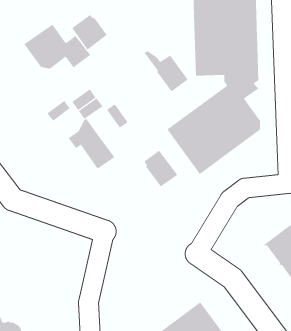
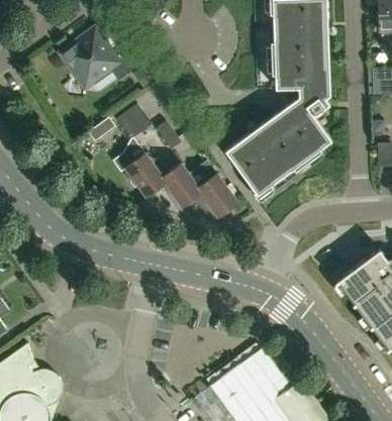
building: [71,14,108,50] -> none
building: [144,50,188,92] -> [151,160,201,207]

